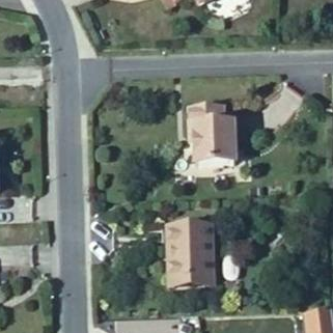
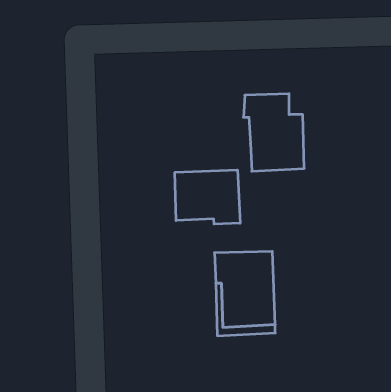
building: none -> [175,170,240,224]

